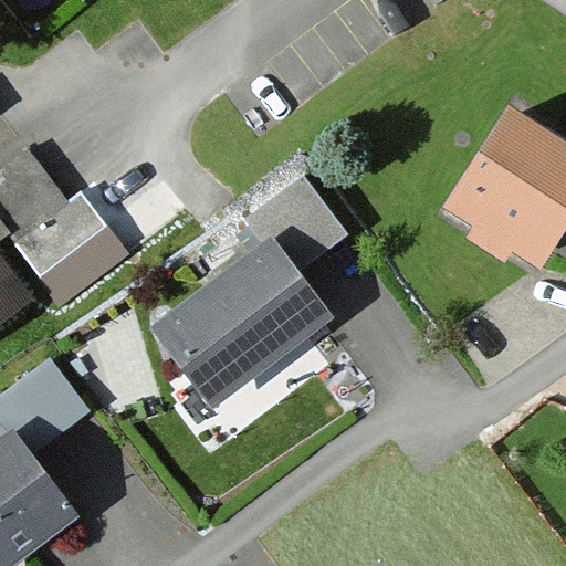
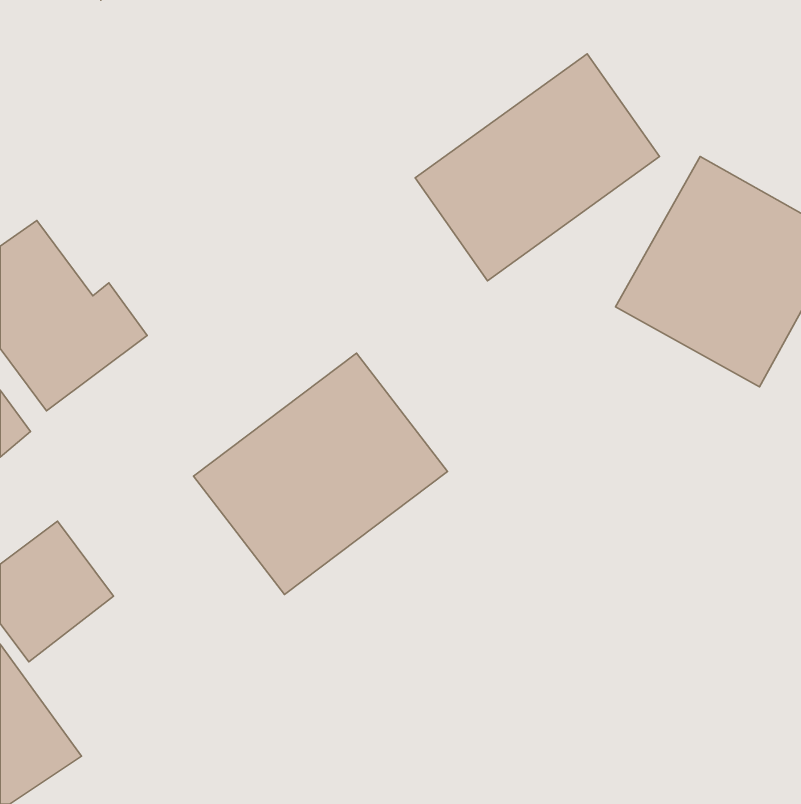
building: none -> [415,54,660,281]
building: [245,176,349,279] -> none

